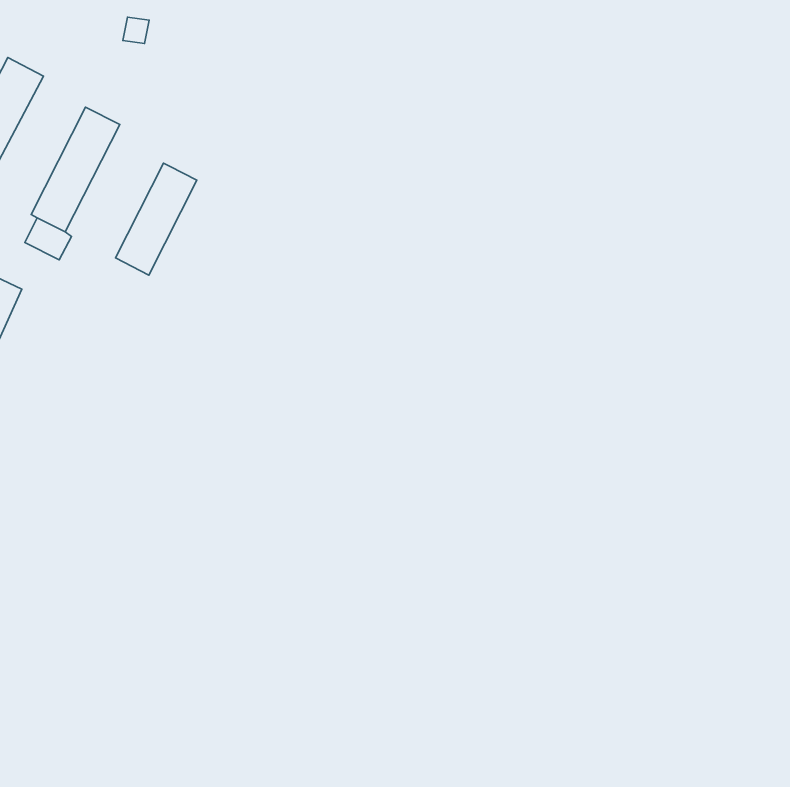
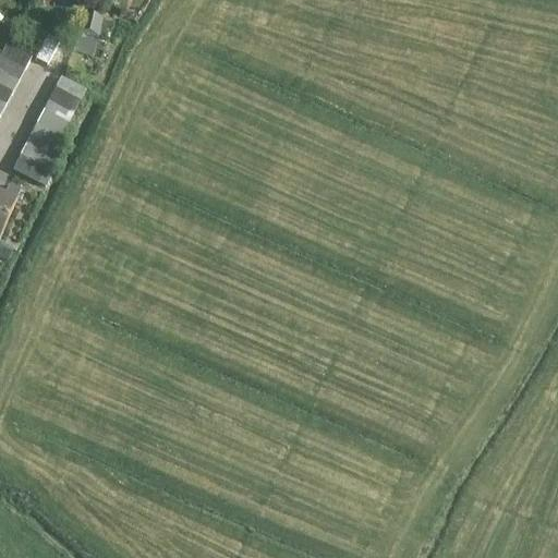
building: [115,163,197,275] -> none

